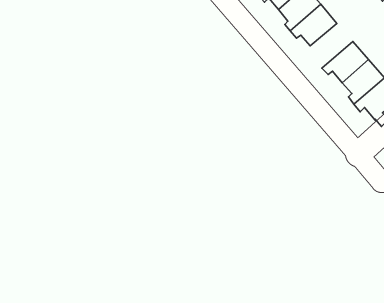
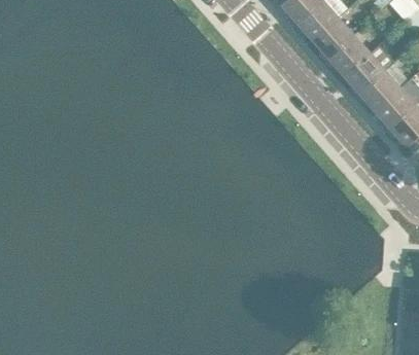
building: none -> [344,51,385,95]

